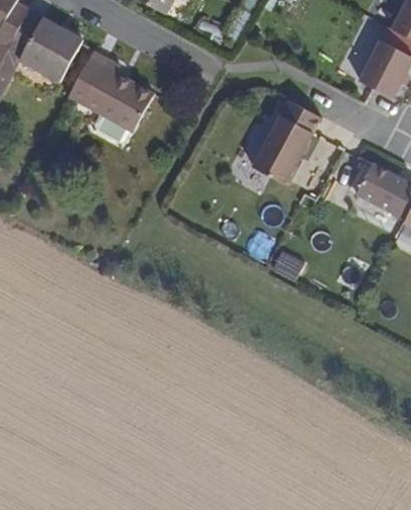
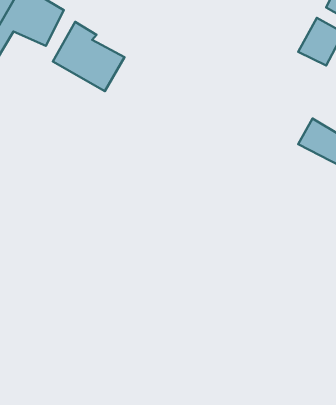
building: [253,102,324,185] -> none

